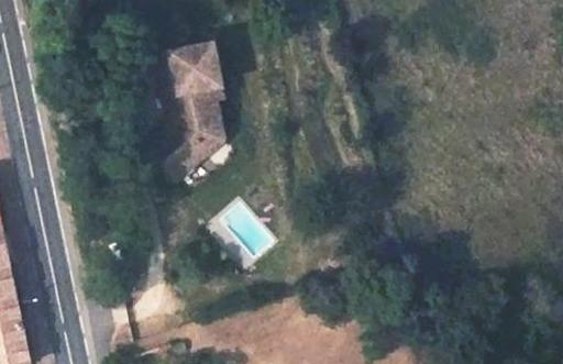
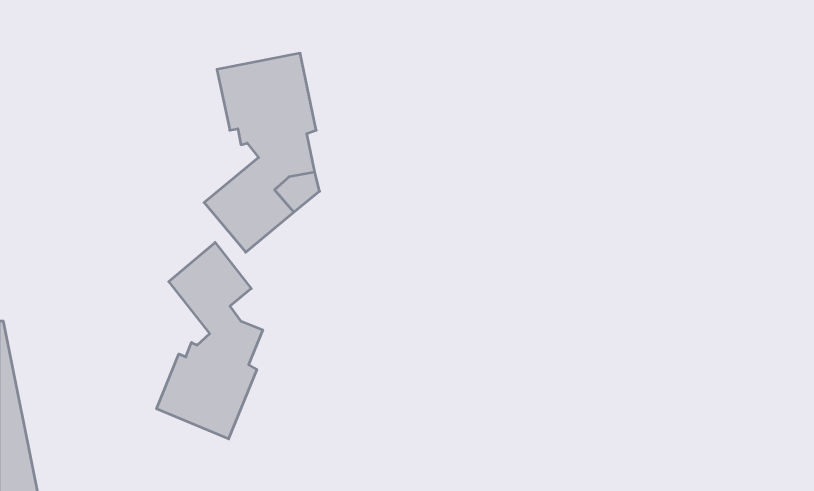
building: none -> [157,242,263,439]

